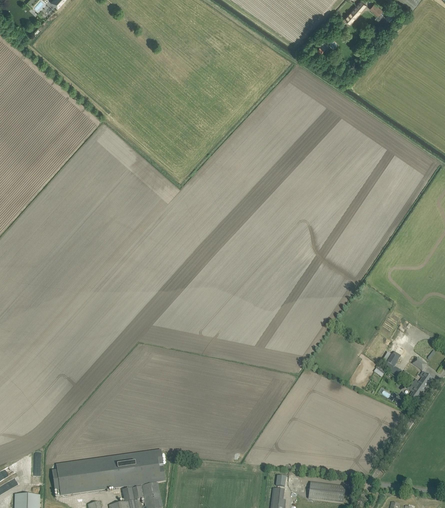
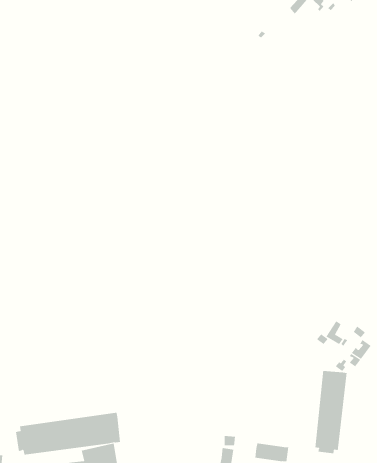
building: none -> [315,370,347,454]

